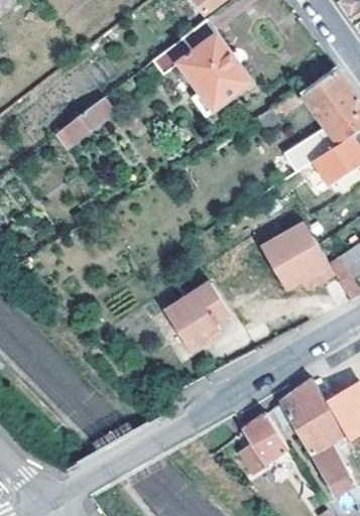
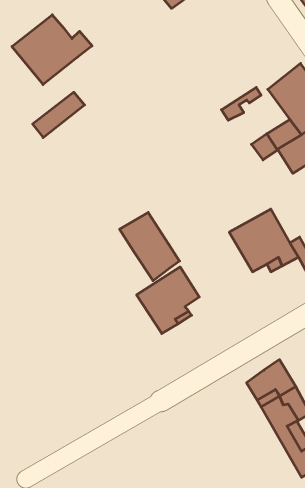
building: none -> [12,15,92,85]
building: [149,19,252,116] -> none
building: none -> [120,212,180,281]
building: [239,413,289,475] -> none

